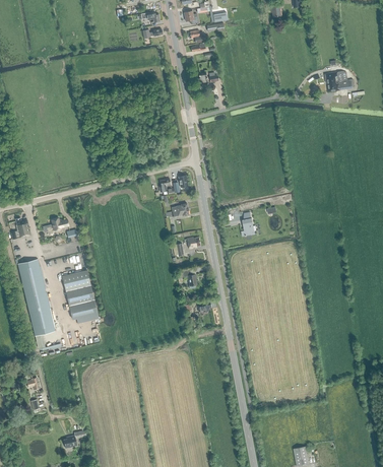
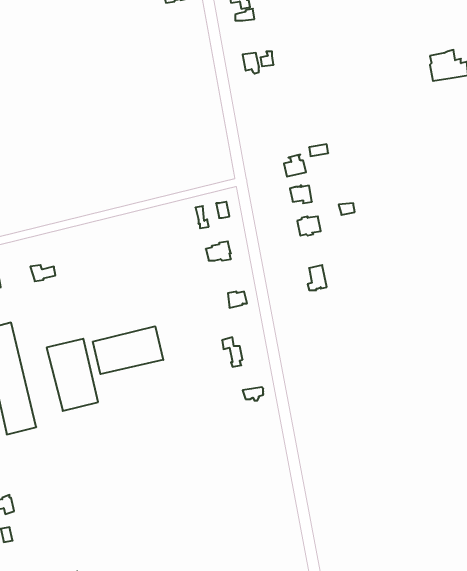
building: none -> [93,326,163,374]

